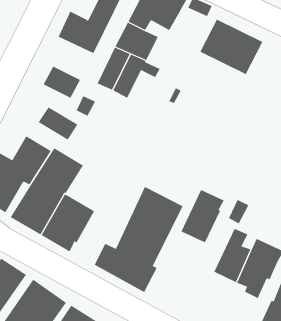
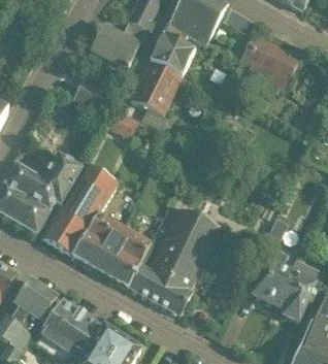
building: [38,106,78,140] -> none
building: [181,189,224,243] -> none
building: none -> [103,230,151,286]

